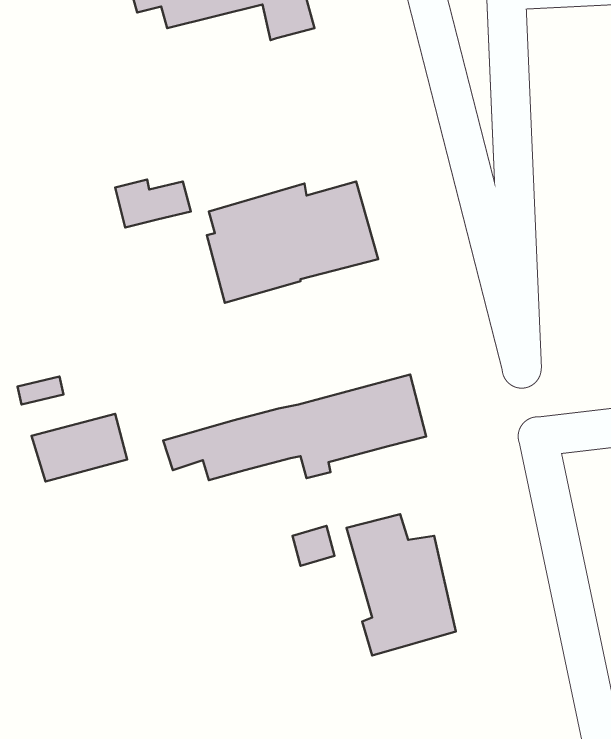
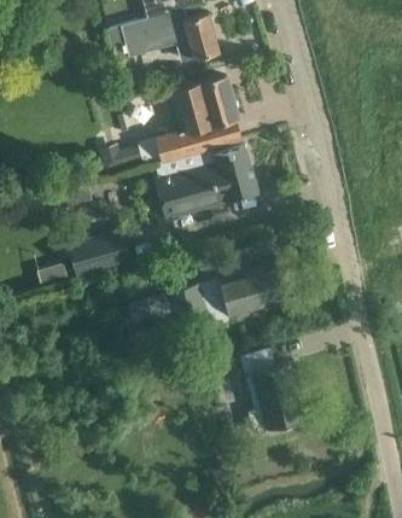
building: none -> [157,77,240,161]
building: [31,414,127,481] -> [70,231,128,272]

